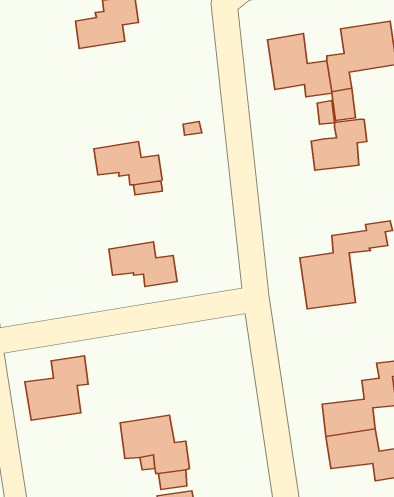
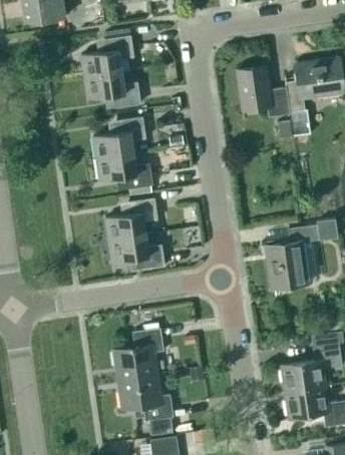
building: none -> [84,71,139,106]
building: none -> [93,116,144,158]
building: [311,119,367,170] -> none
building: none -> [105,197,156,240]
building: [25,356,88,420] -> [112,328,163,380]

